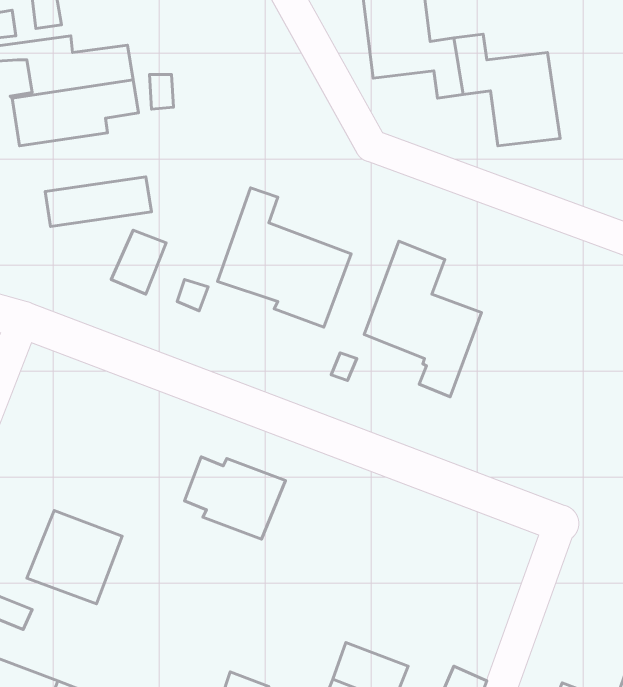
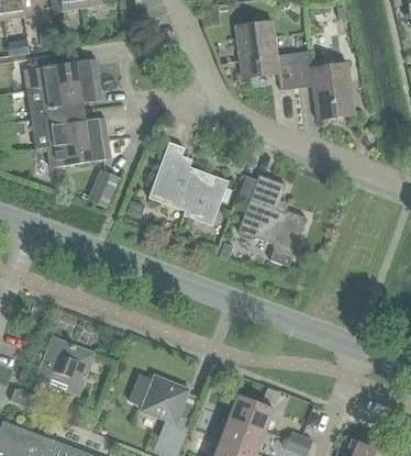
building: none -> [32,111,108,147]
building: [185,457,285,539] -> [129,374,189,423]
building: none -> [227,393,274,431]

